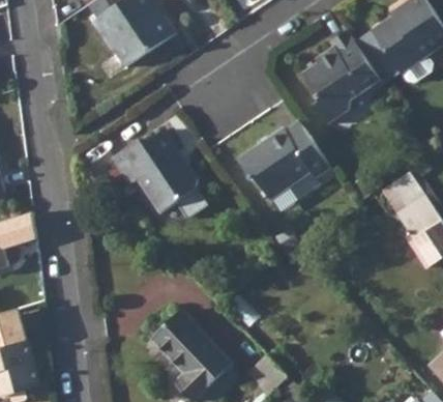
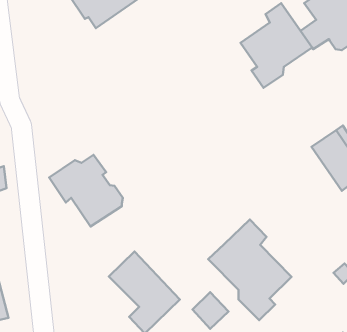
building: [237,121,328,198] -> none
building: [112,133,195,213] -> [49,155,123,226]
building: none -> [208,220,291,320]

